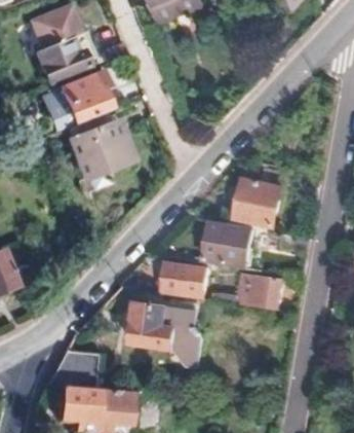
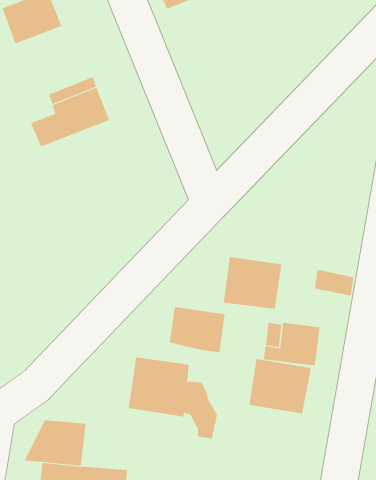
building: [31,35,91,84] -> none
building: [71,121,139,180] -> none
building: [233,176,282,223] -> none
building: none -> [249,358,311,414]

